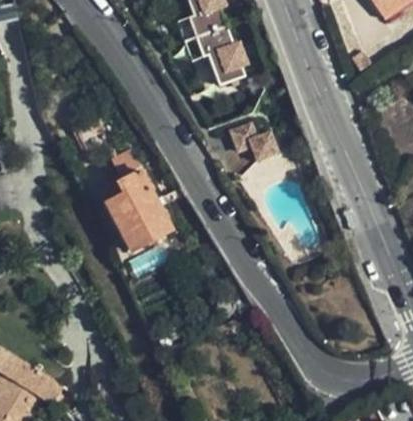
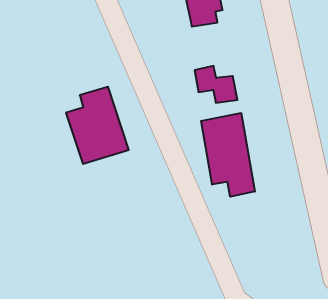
building: none -> [201,113,255,197]

